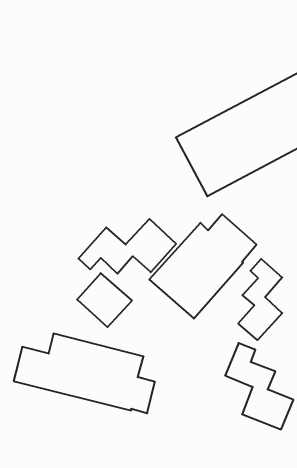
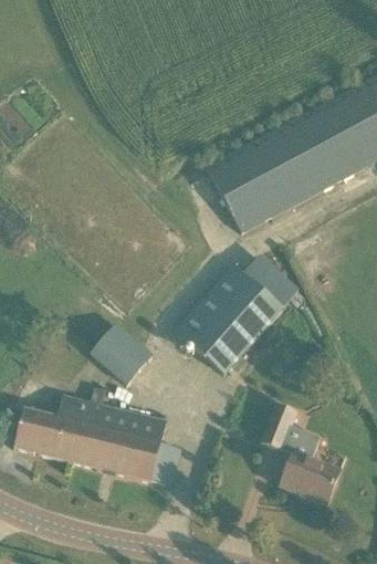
building: [78,219,176,274] -> none
building: [238,259,282,340] -> none

